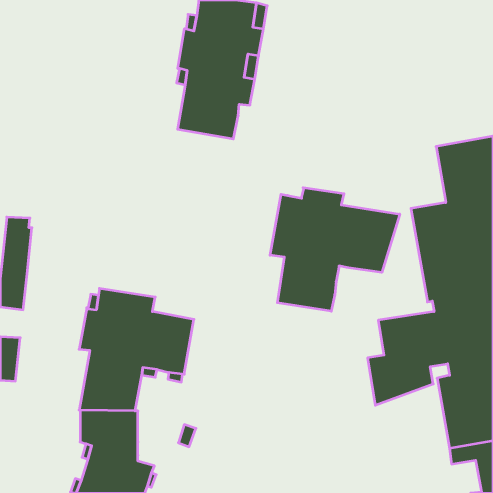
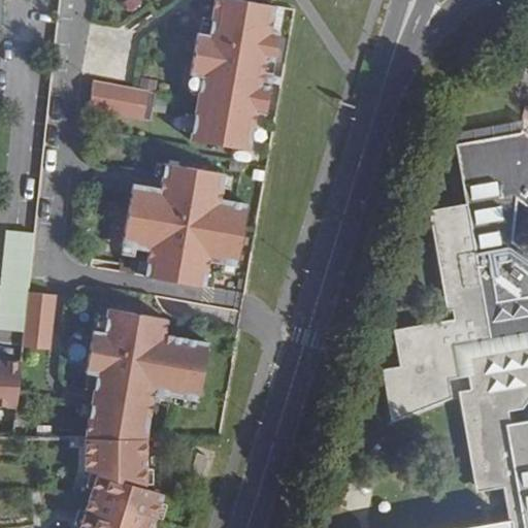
building: none -> [89,80,156,121]
building: none -> [121,162,244,287]
building: [270,188,400,311] -> none
building: none -> [23,293,56,351]

